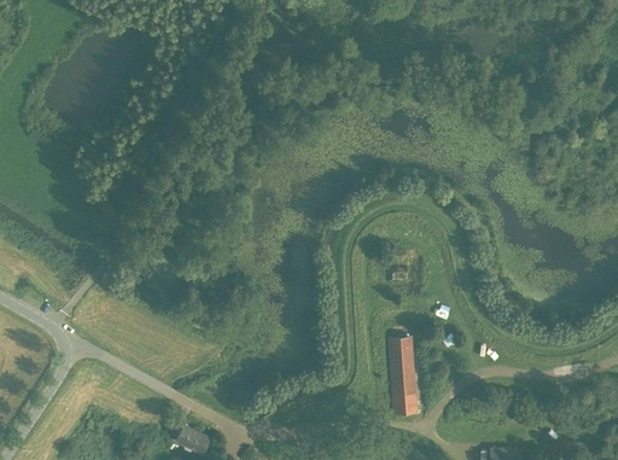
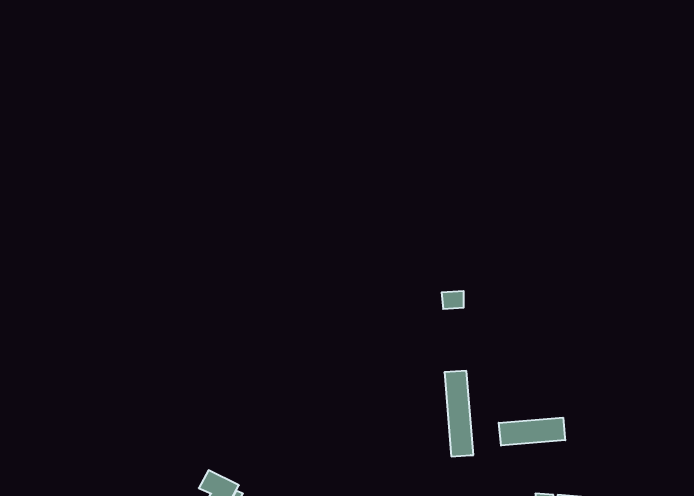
building: none -> [499,418,565,446]

